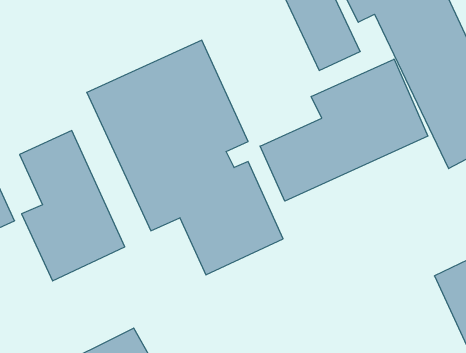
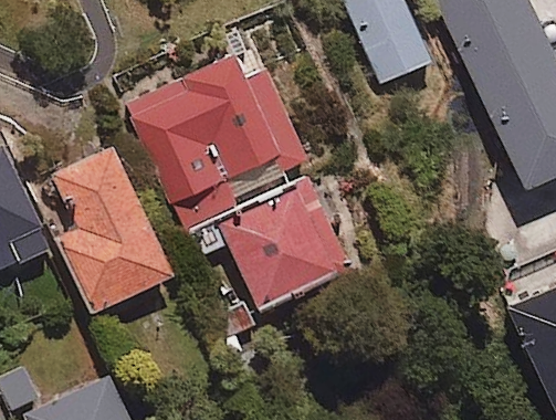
building: [260,59,428,201] -> none

